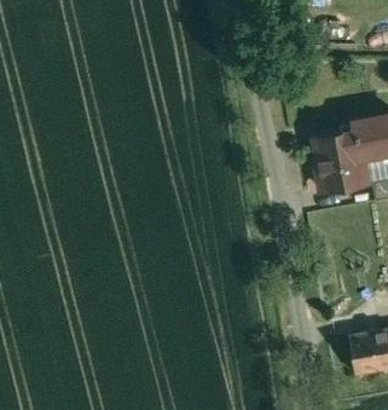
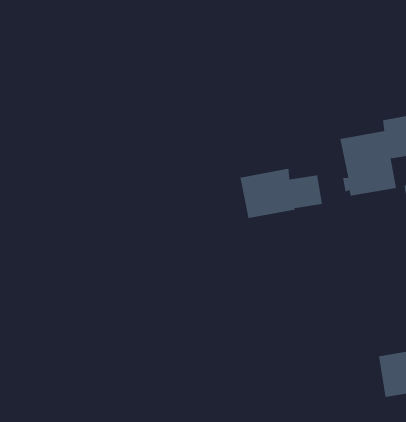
building: none -> [240,168,323,219]

